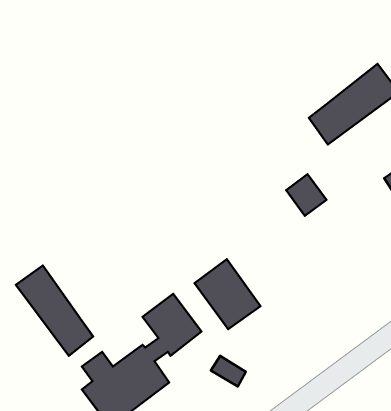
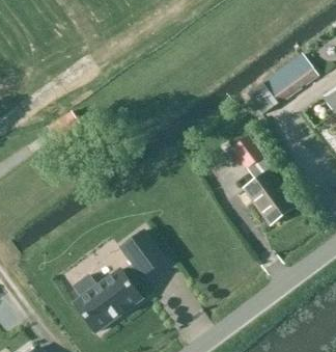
building: [195,259,260,329] -> [243,171,293,225]
building: [16,265,93,356] -> none

